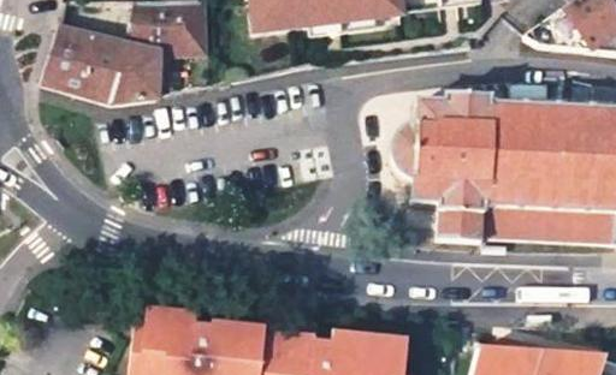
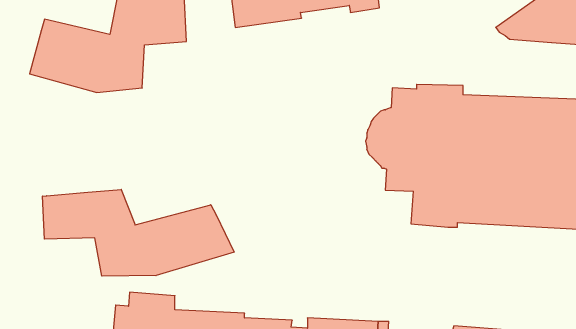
building: none -> [43,189,234,276]

